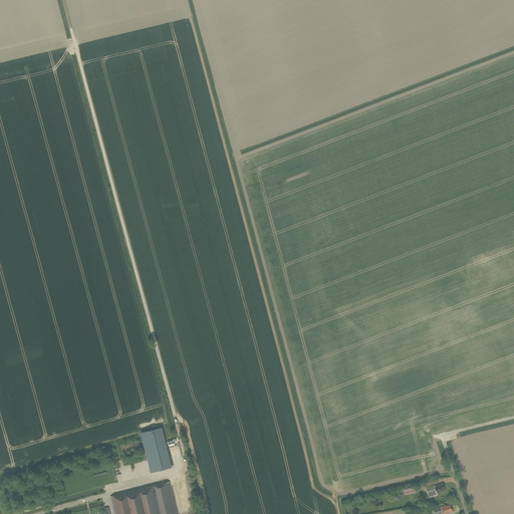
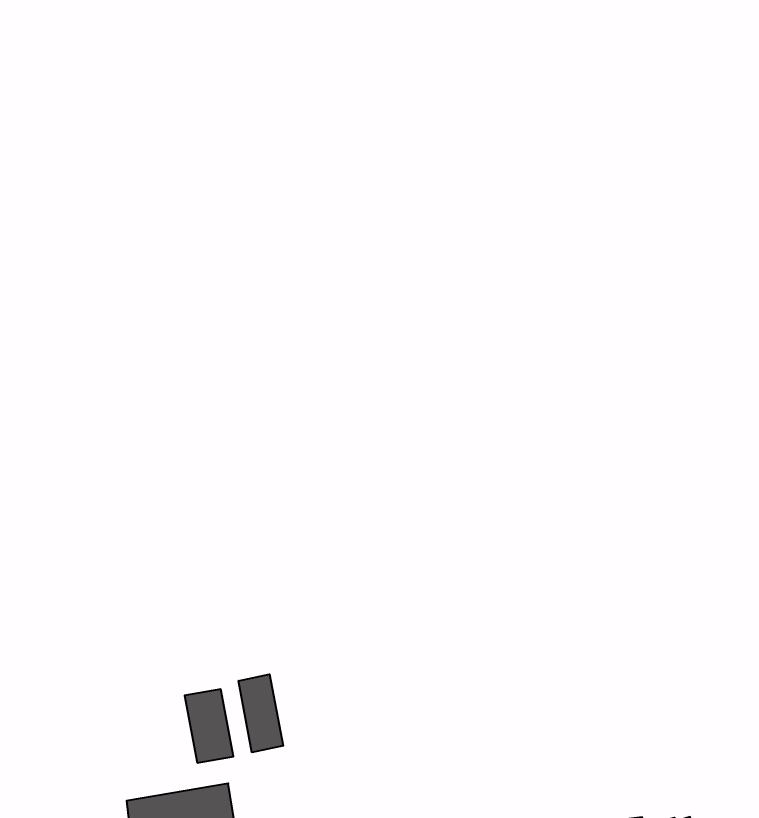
building: none -> [239,674,283,752]

